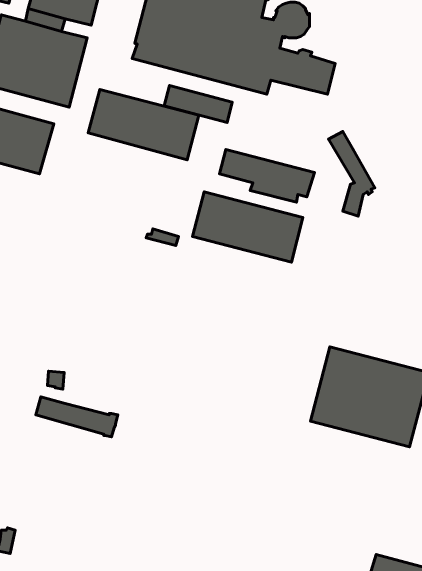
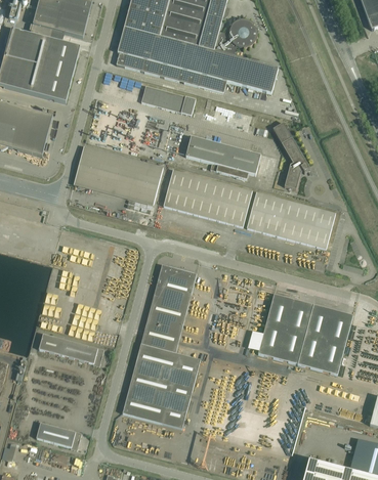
building: [88,89,199,160] -> [75,146,163,203]
building: none -> [247,191,335,249]
building: none -> [123,264,200,428]
building: none -> [36,422,82,449]

